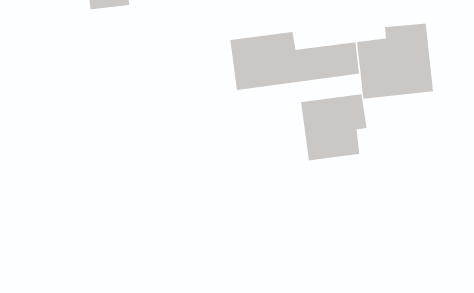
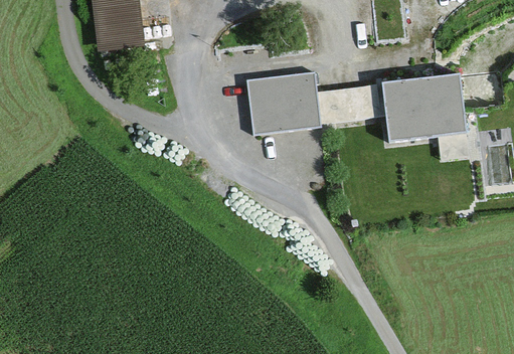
building: [300,93,367,161] -> none

